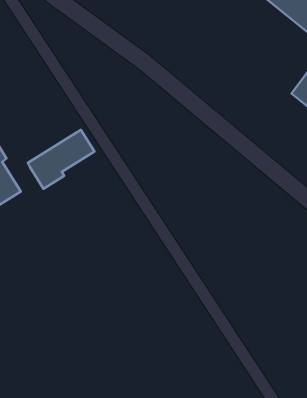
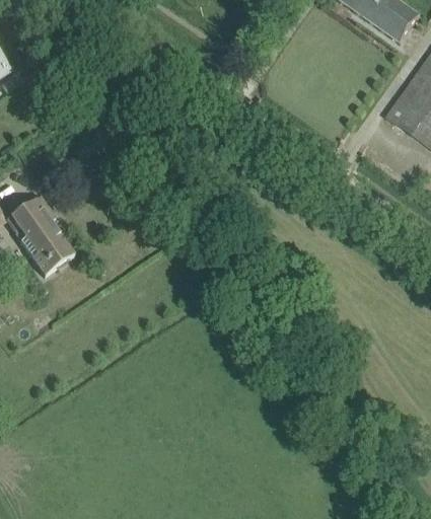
building: [28,130,94,189] -> none

